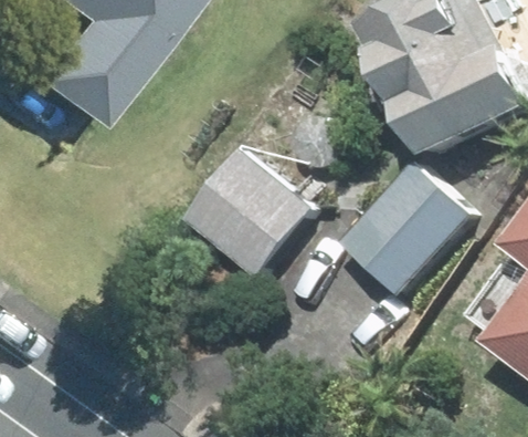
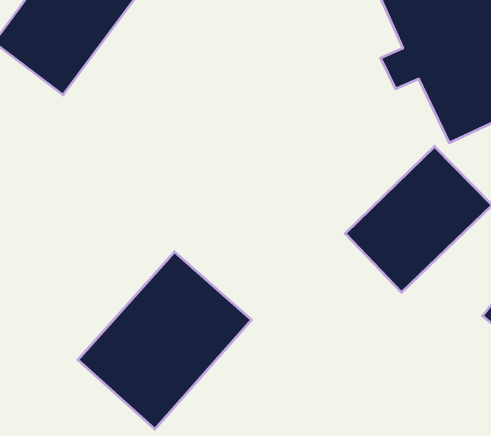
building: [189,149,314,275] -> none
building: none -> [78,252,251,429]

